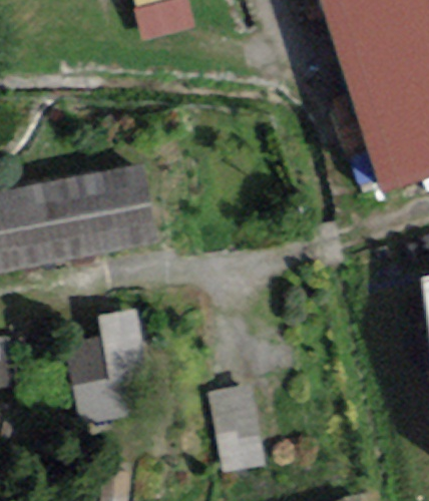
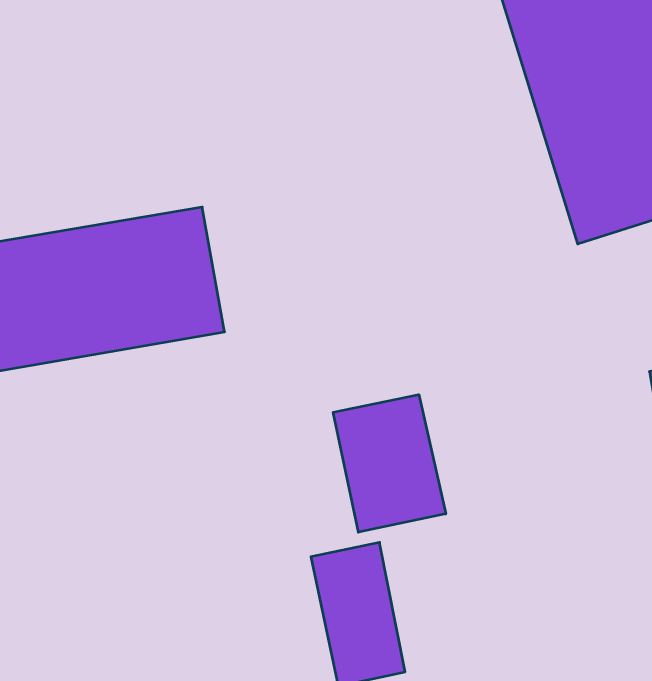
building: none -> [333,395,446,532]
building: [75,308,151,417] -> none

